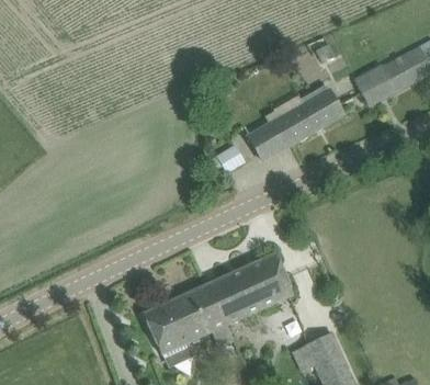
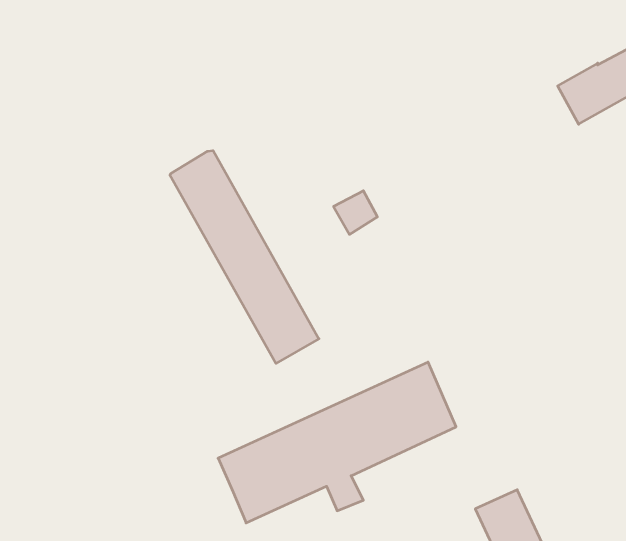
building: [248,83,342,160] -> none
building: none -> [170,151,319,363]

